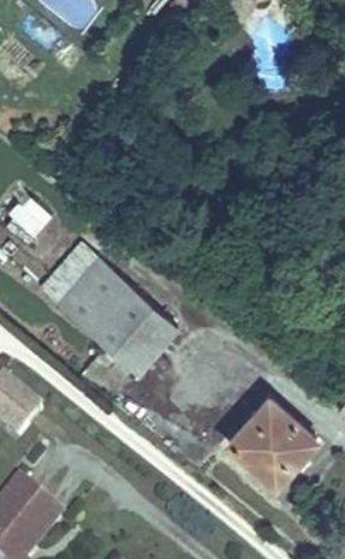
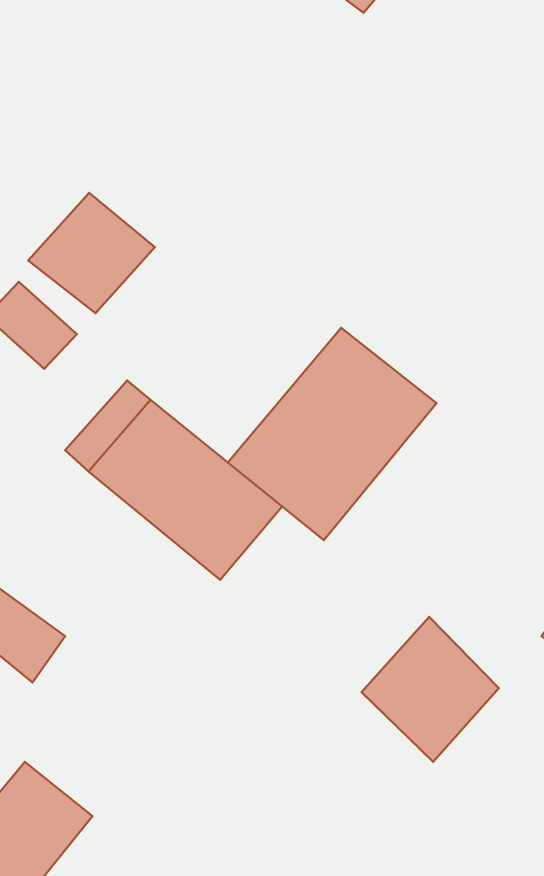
building: none -> [28,193,155,313]
building: none -> [228,328,437,540]

